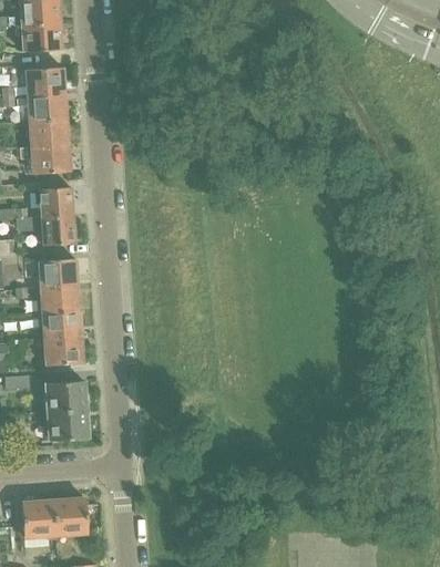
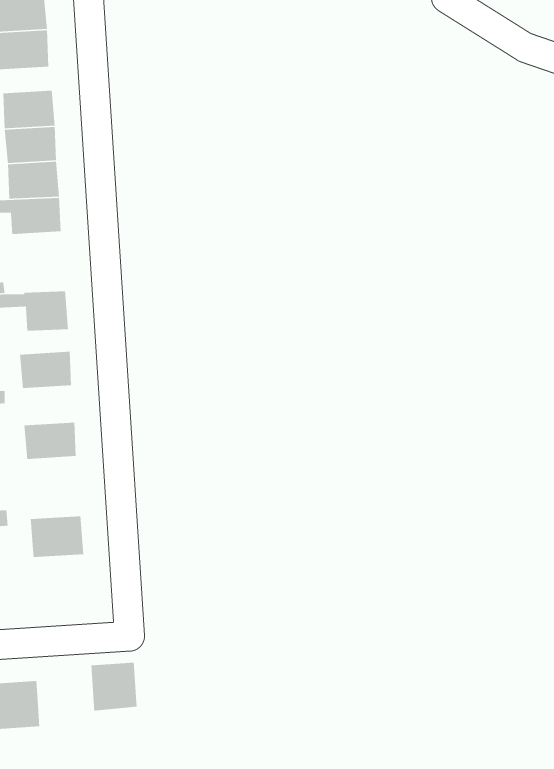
building: [40,186,72,216] -> none
building: [40,285,79,313] -> none
building: [43,337,82,365] -> none
building: [48,409,88,440] -> none
building: [51,498,85,535] -> [91,662,137,712]

